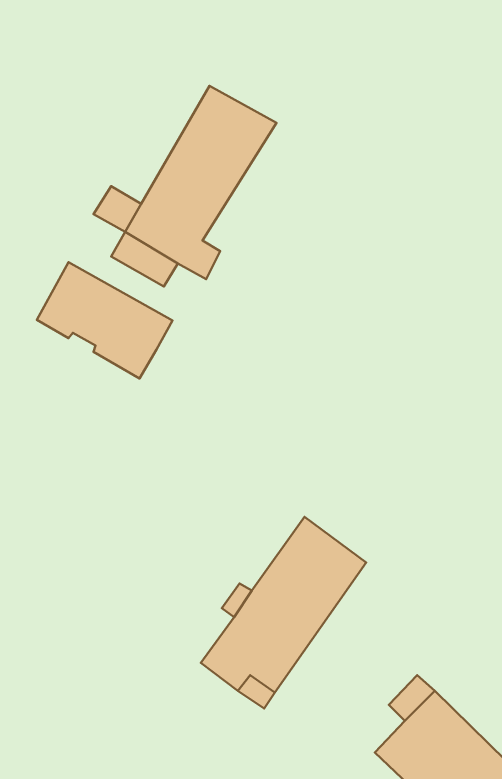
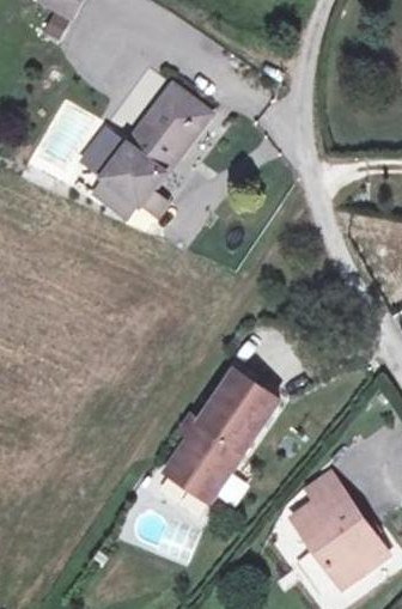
building: [37,262,172,378] -> none

